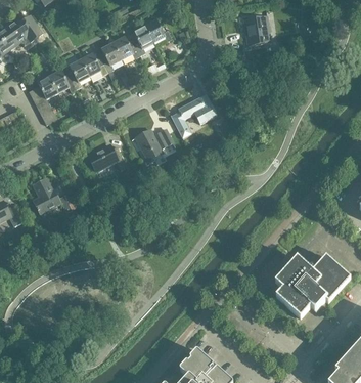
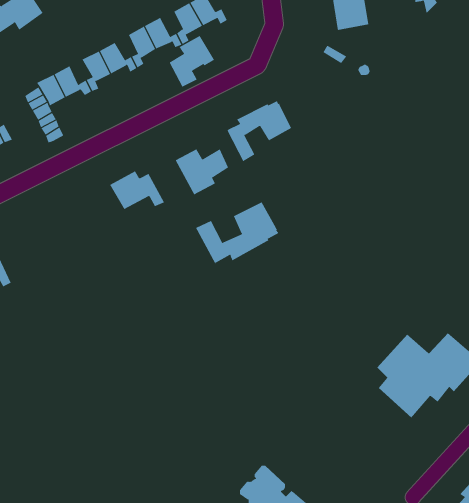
building: none -> [169,35,215,88]
building: none -> [195,202,280,264]
building: [32,177,72,214] -> none

